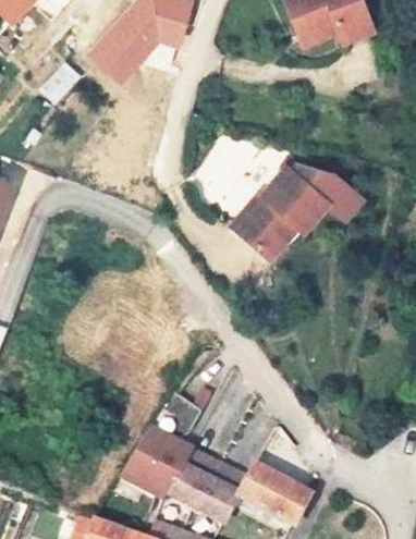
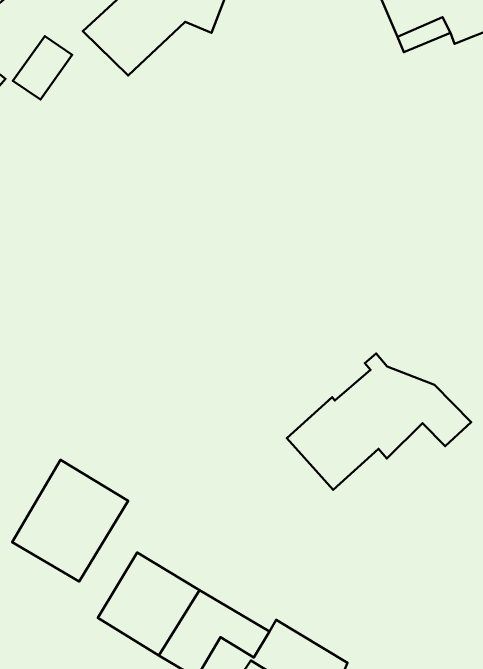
building: [235,162,367,262] -> [287,353,471,490]
building: none -> [12,460,128,582]

